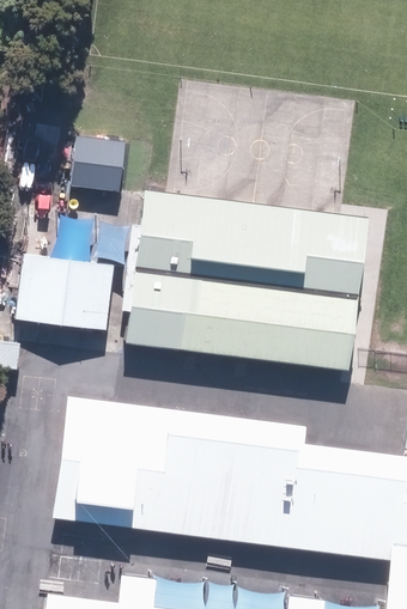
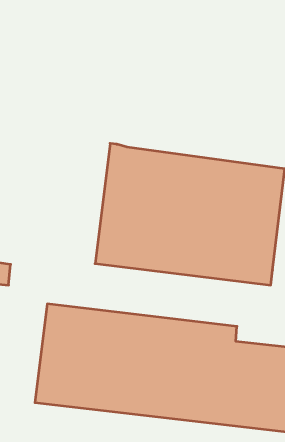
building: [67,140,126,193] -> none
building: [17,254,116,333] -> none

